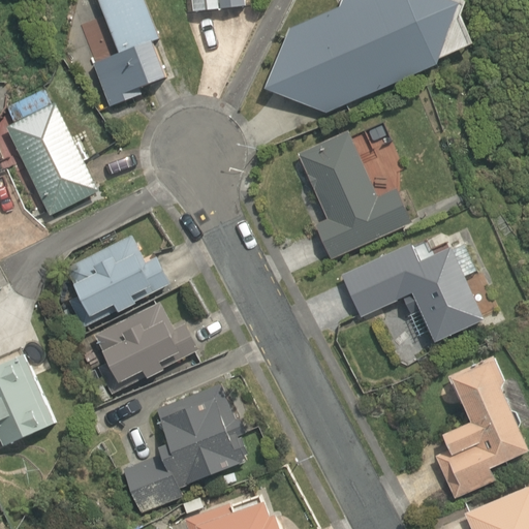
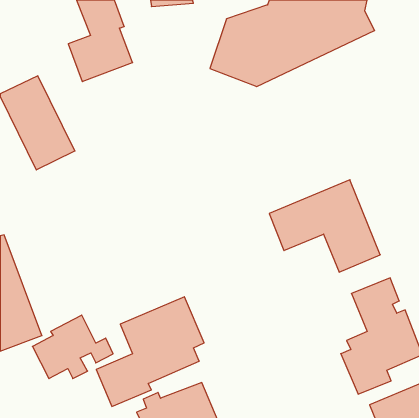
building: [300,129,415,259] -> none
building: [65,236,168,315] -> none
building: [95,304,196,383] -> [32,315,113,379]

